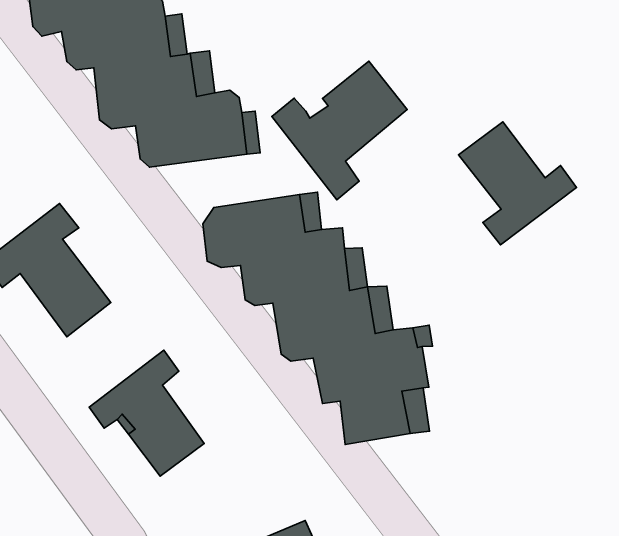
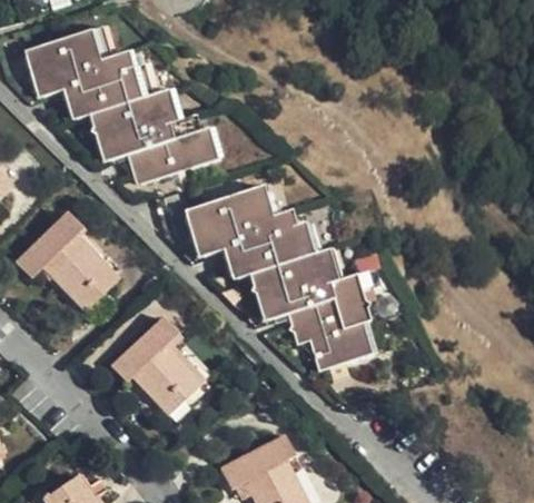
building: [272,61,407,200] -> none
building: [458,122,577,245] -> none

